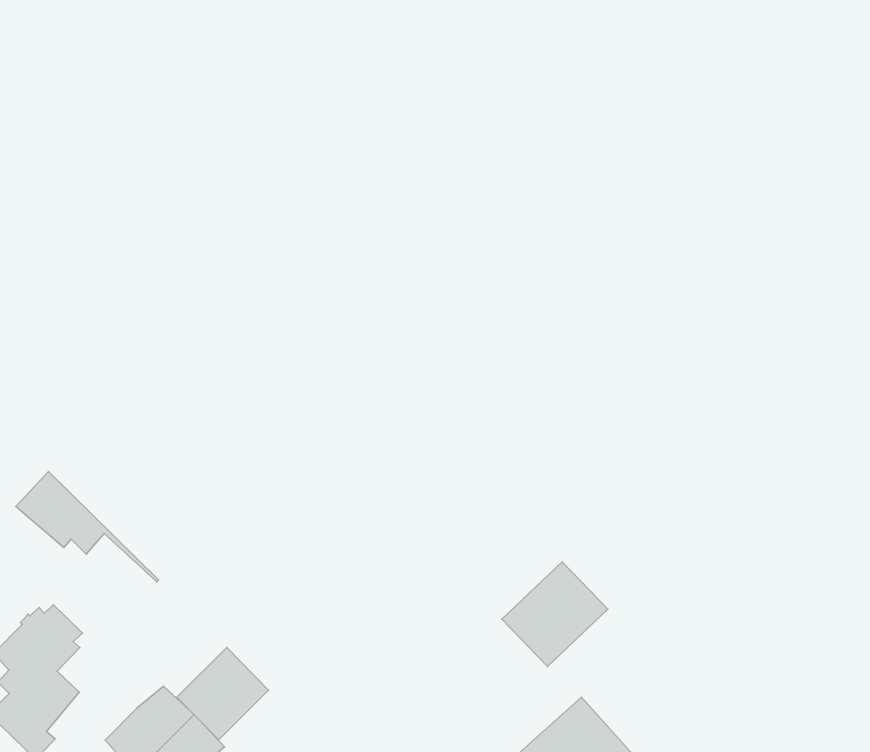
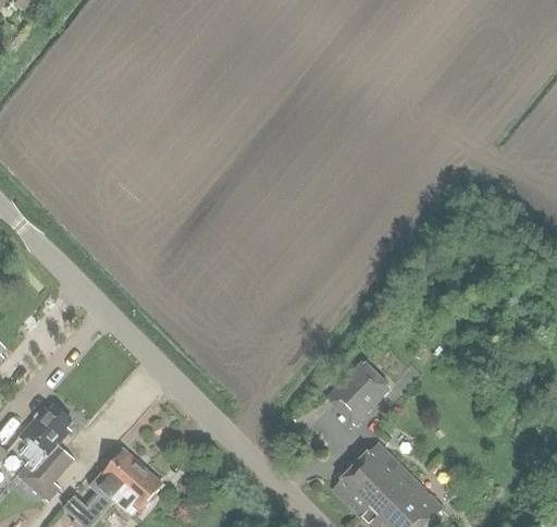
building: [16,472,159,582] -> none
building: [177,647,269,740] -> none

